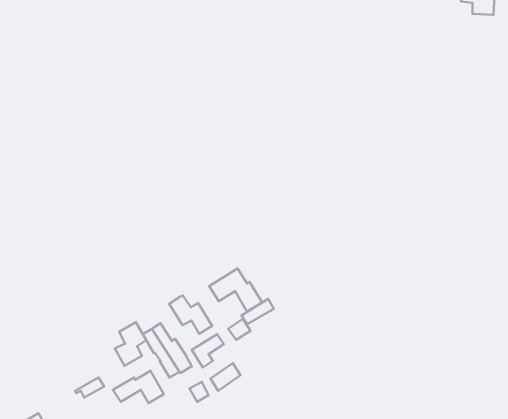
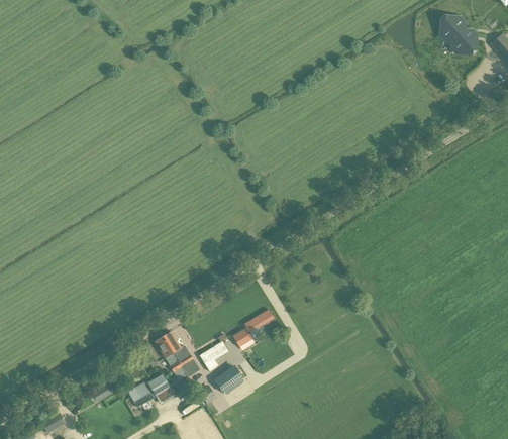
building: [209,268,262,311] -> none
building: [169,295,212,334] -> none
building: [115,322,146,366] -> none

